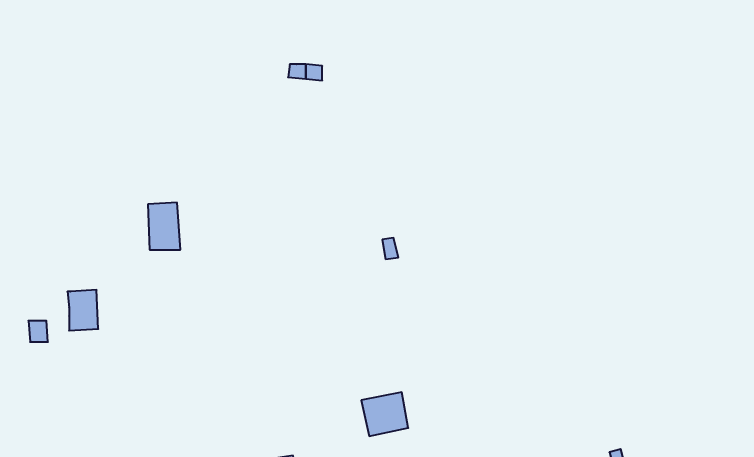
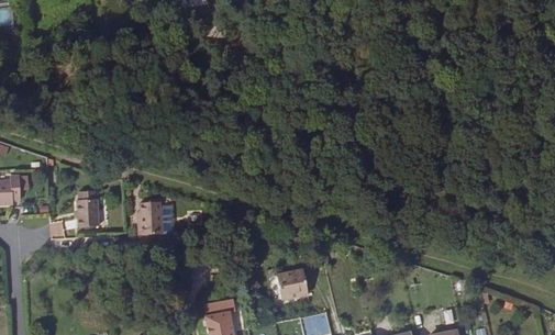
building: [148,203,180,250] -> [142,202,164,234]

